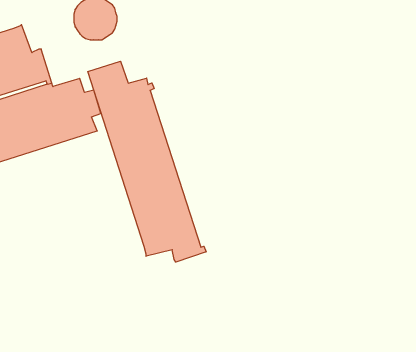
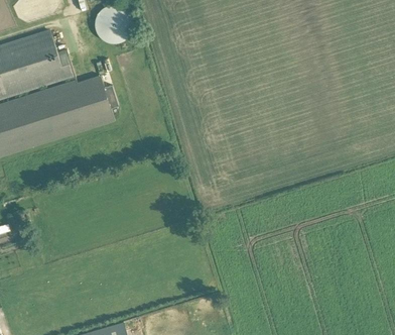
building: [88,61,206,262] -> none

